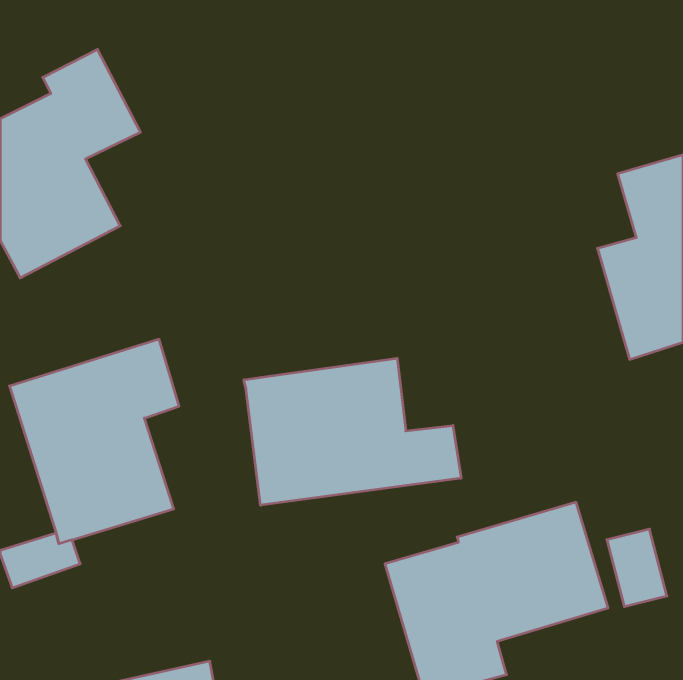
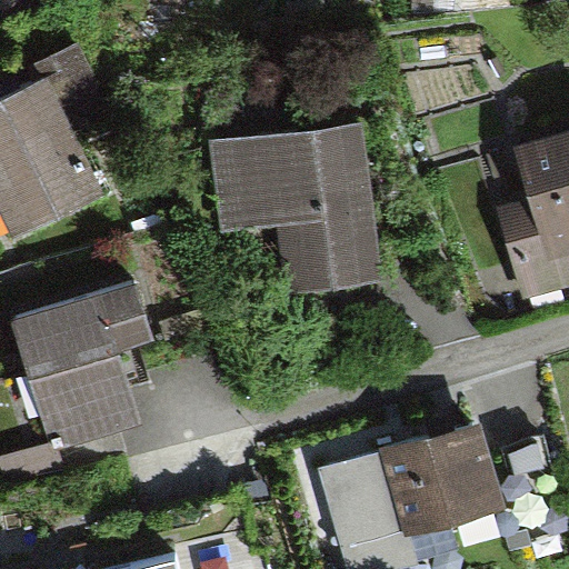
building: none -> [211,124,382,293]
building: [244,358,461,505] -> none

